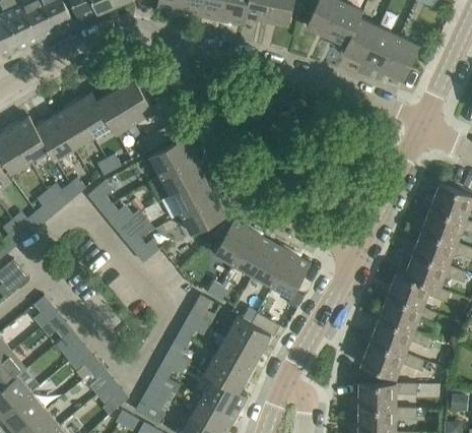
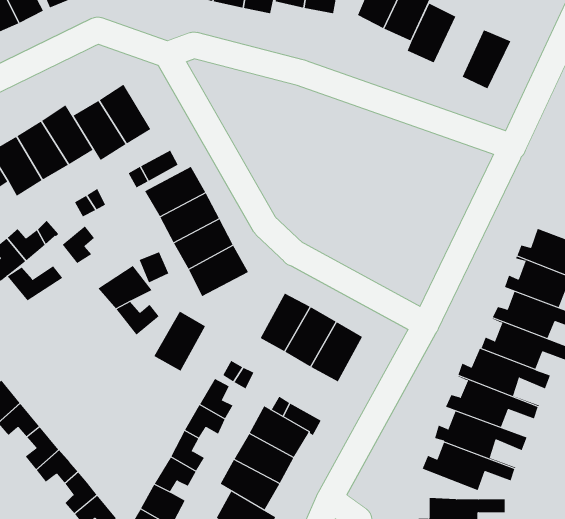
building: [363,27,400,72] -> none
building: [99,202,141,229] -> [7,266,63,301]
building: [214,221,253,265] -> [153,311,206,371]

